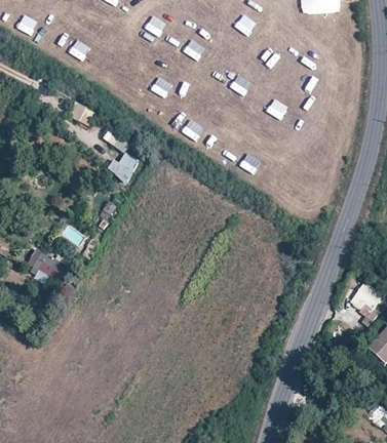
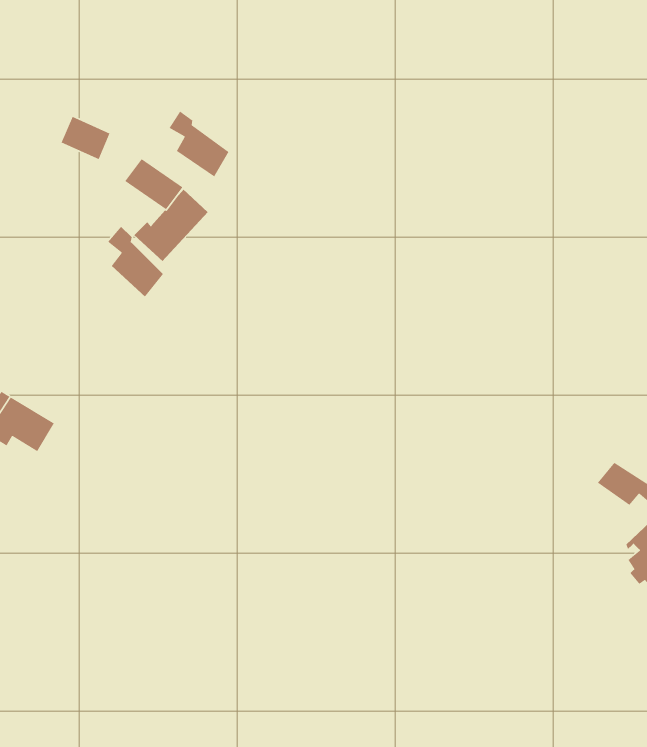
building: none -> [169,111,229,178]
building: none -> [107,226,164,298]

